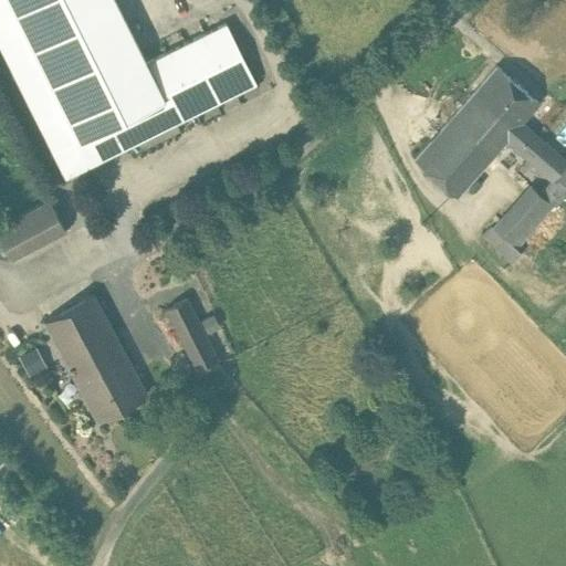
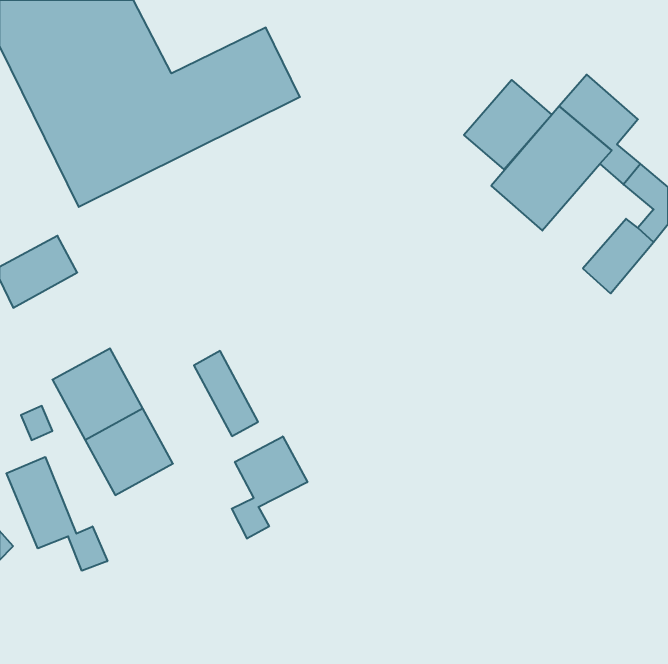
building: none -> [464,80,552,170]
building: none -> [232,436,307,539]
building: none -> [6,457,107,571]

